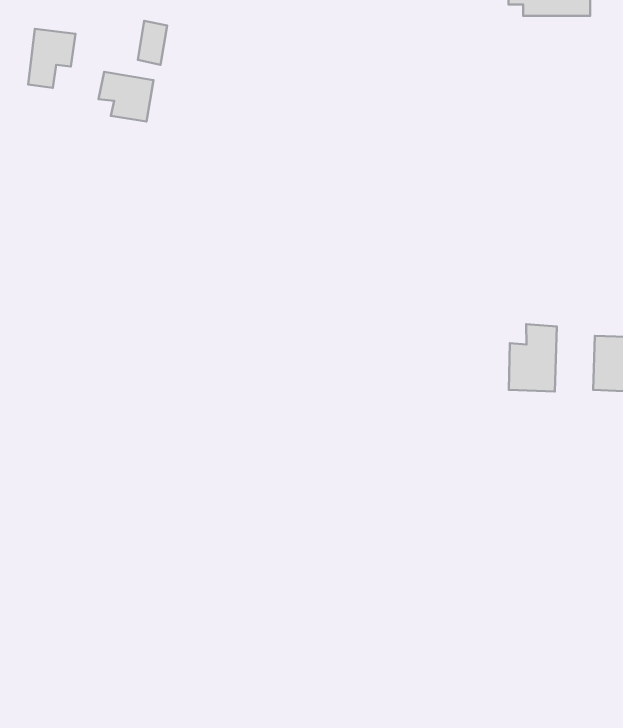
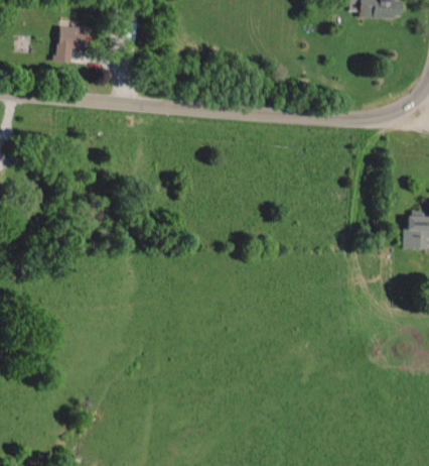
building: [98,72,153,121] -> none
building: [509,324,557,391] -> none

